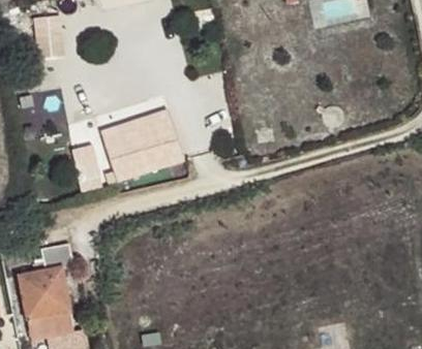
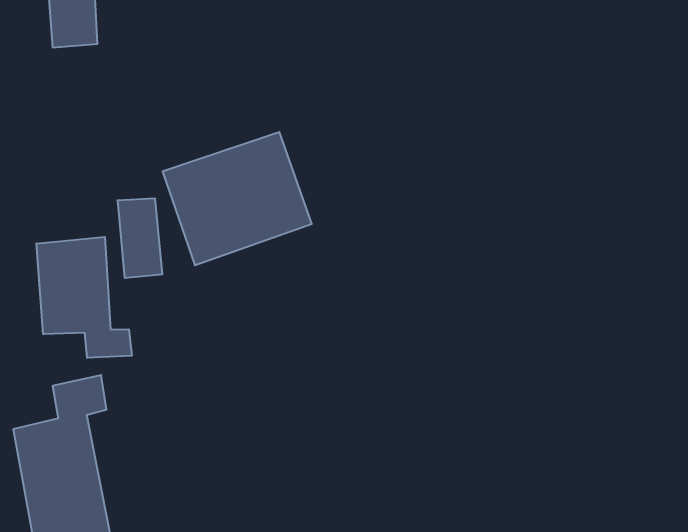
building: none -> [36,237,132,358]

